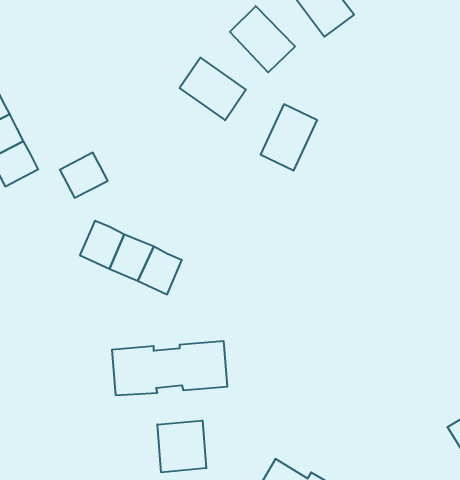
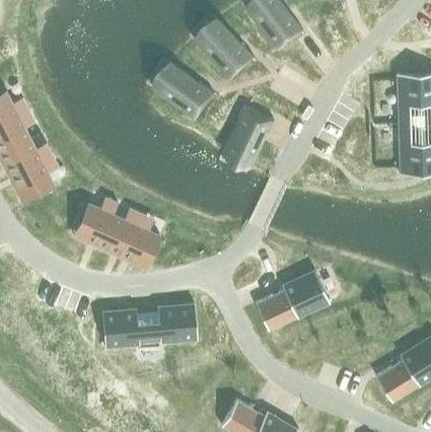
building: [60,153,108,198] -> [14,161,54,199]
building: none -> [256,269,331,331]
building: [157,420,206,472] -> none

